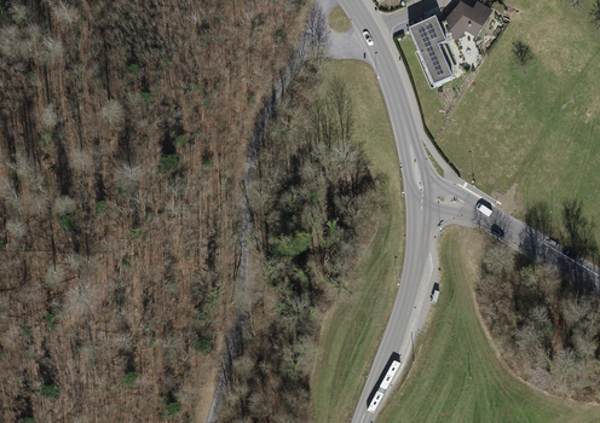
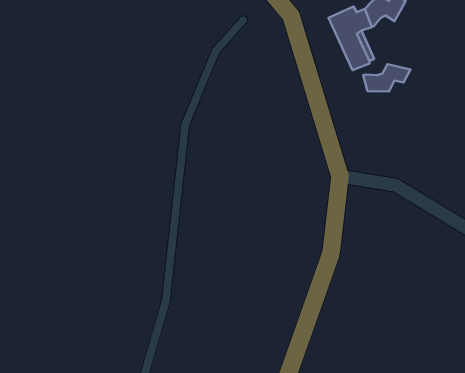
building: none -> [363,64,410,91]

